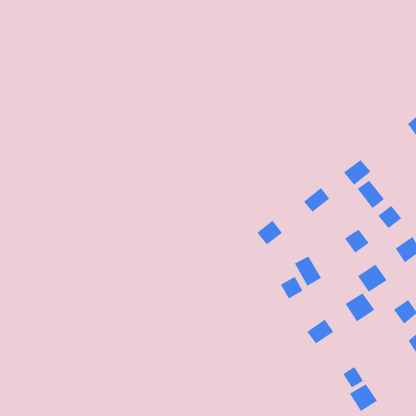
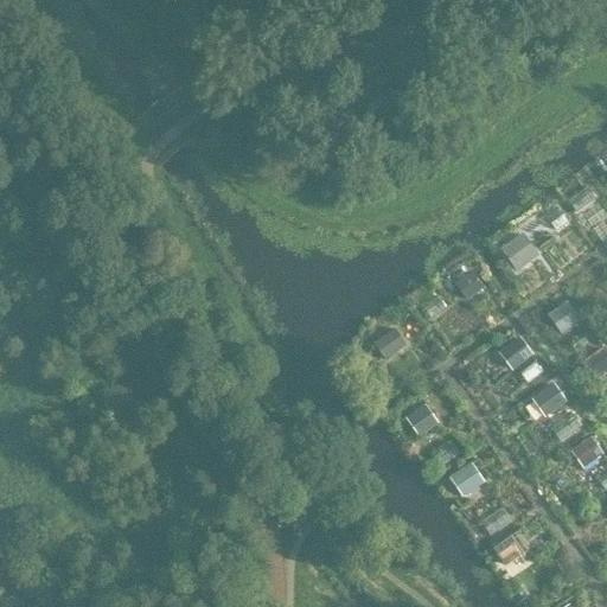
building: [357,180,385,209] -> none
building: [294,256,322,287] -> none
building: [345,292,375,322] -> none
building: [349,383,378,412] -> none

